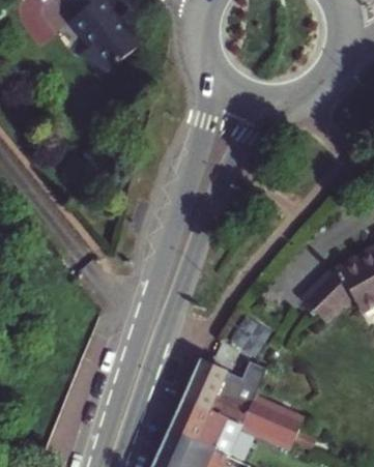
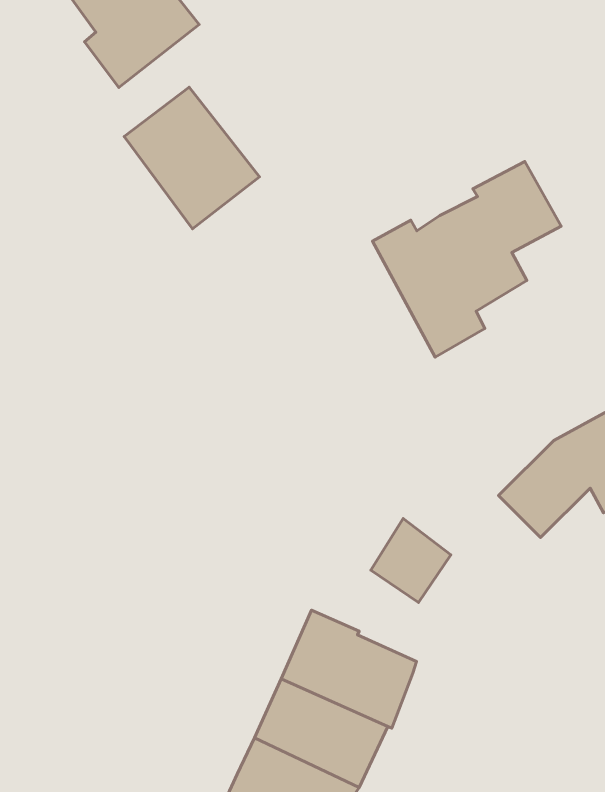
building: none -> [124,87,259,229]
building: none -> [372,161,561,357]
building: [243,396,303,446] -> none

